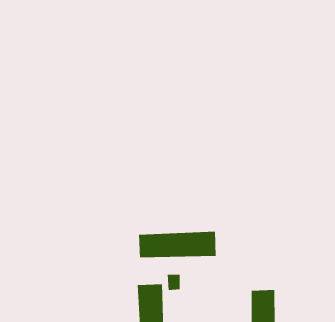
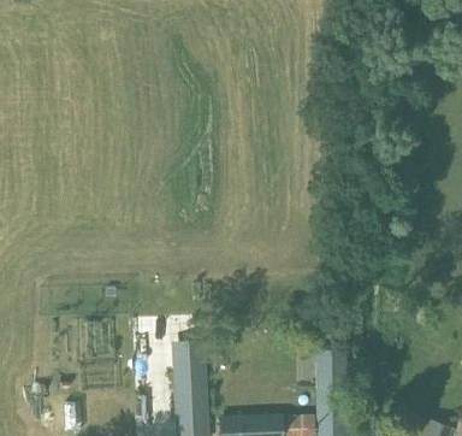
building: [139,231,216,258] -> none

